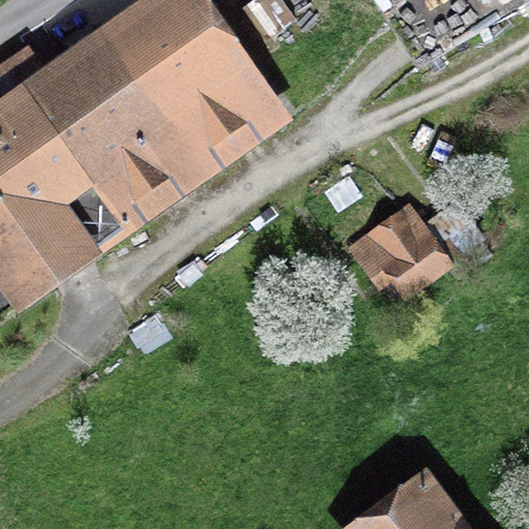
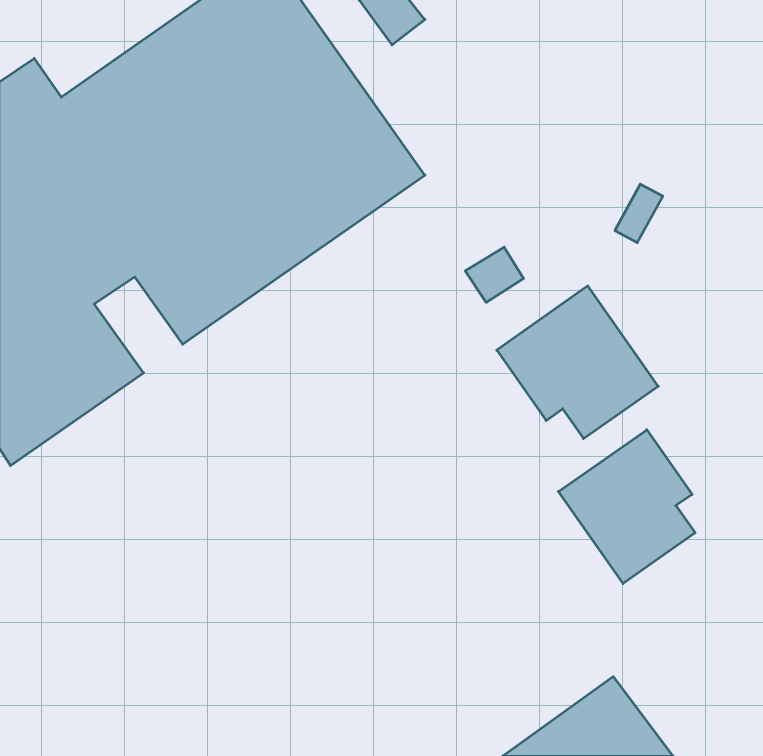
building: none -> [558,430,695,584]

